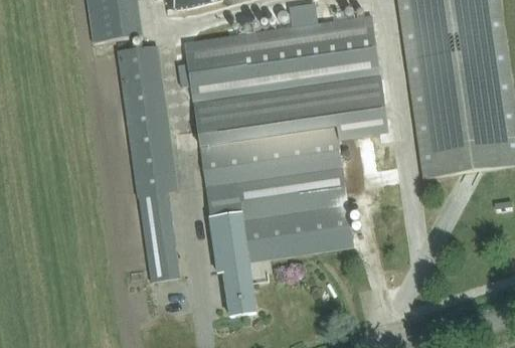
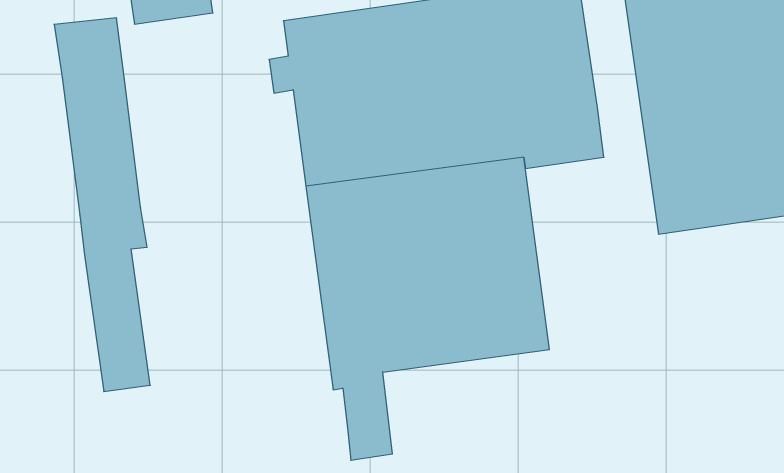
building: [119,46,179,281] -> [54,18,150,392]

